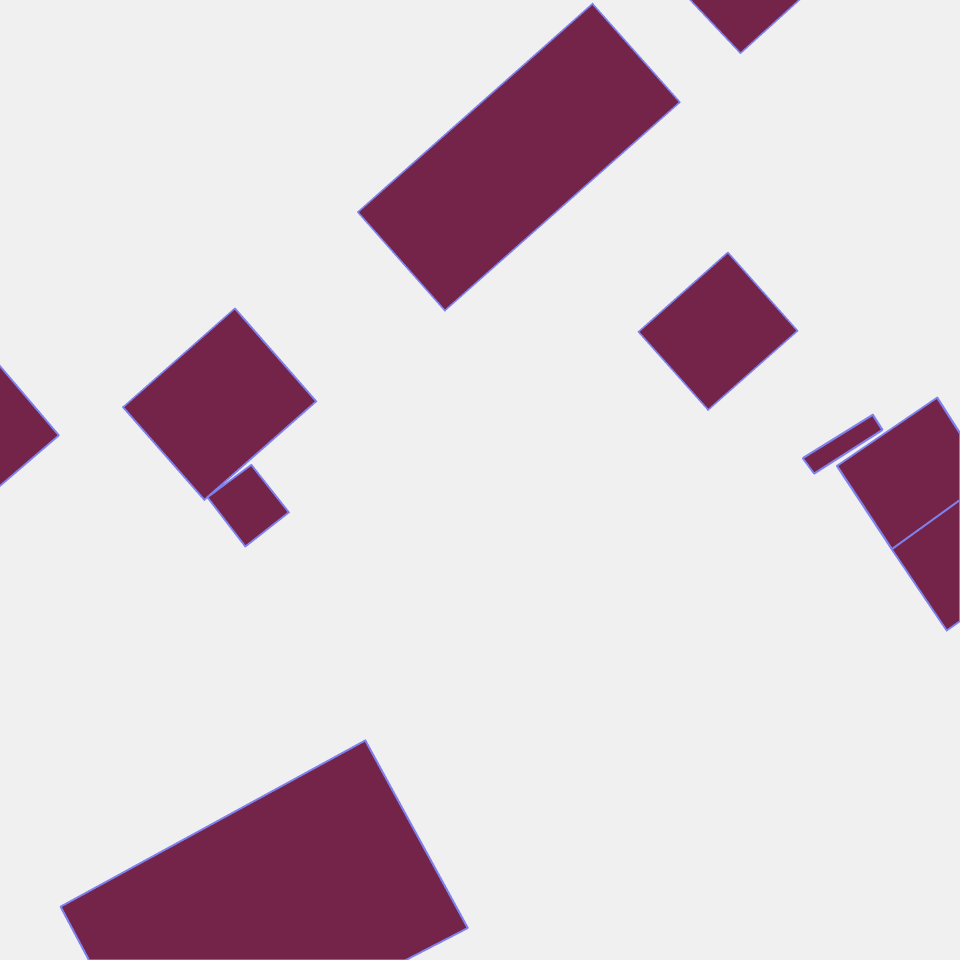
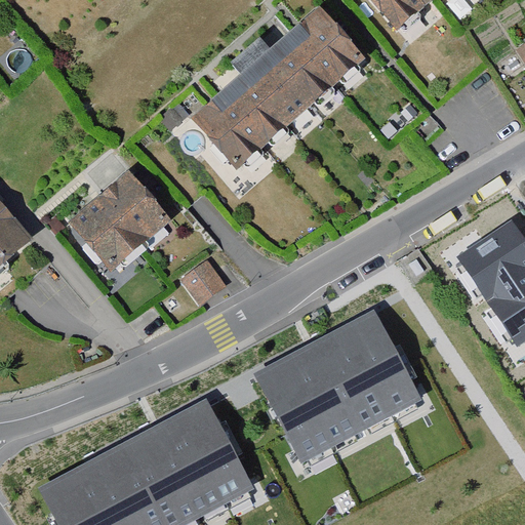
building: [639,253,797,410] -> none
building: [208,465,289,546] -> [178,262,223,307]
building: none -> [249,307,430,472]

